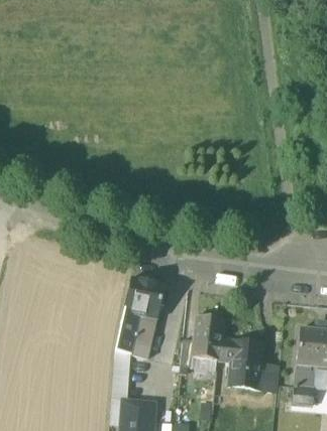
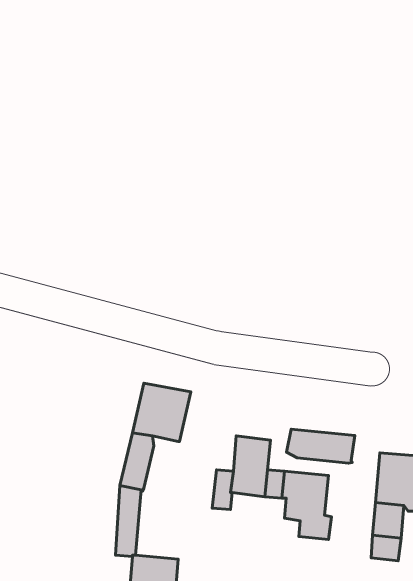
building: none -> [287,429,355,463]
building: [132,315,156,356] -> none

